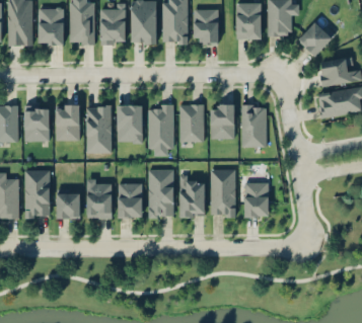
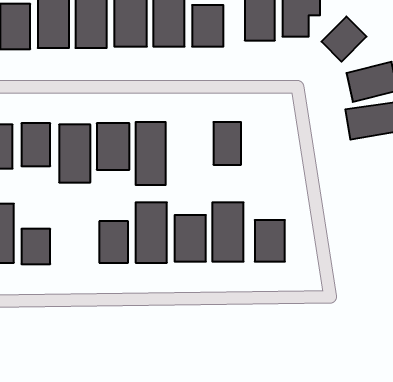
building: [179,104,203,143] -> none
building: [241,104,267,148] -> none
building: [86,179,112,218] -> none

